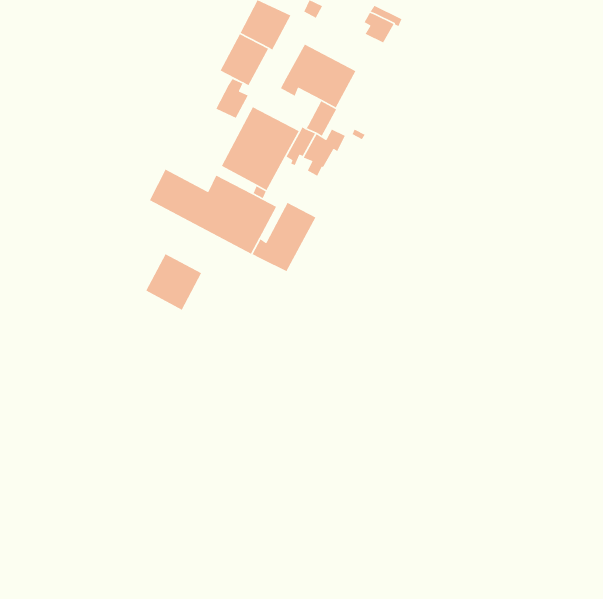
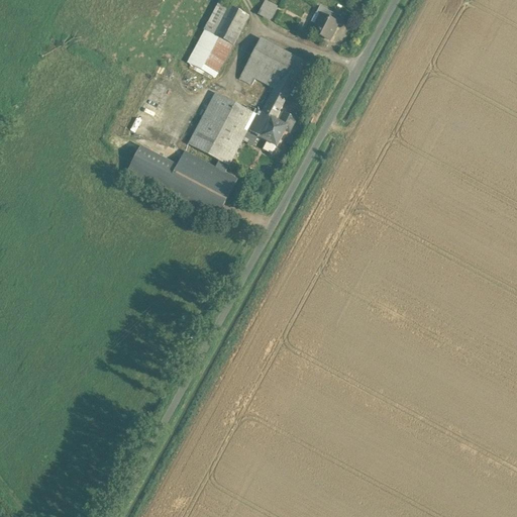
building: [215,78,249,119] -> none
building: [252,202,316,272] -> none
building: [145,253,202,311] -> none

